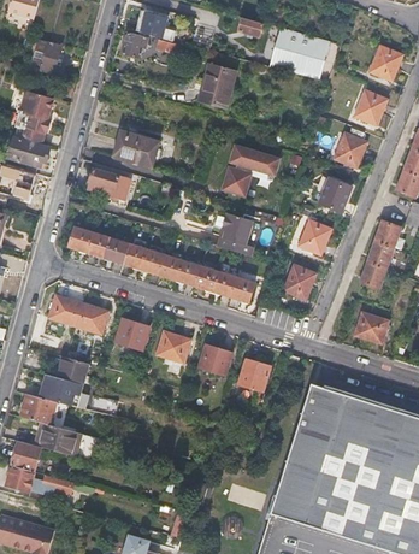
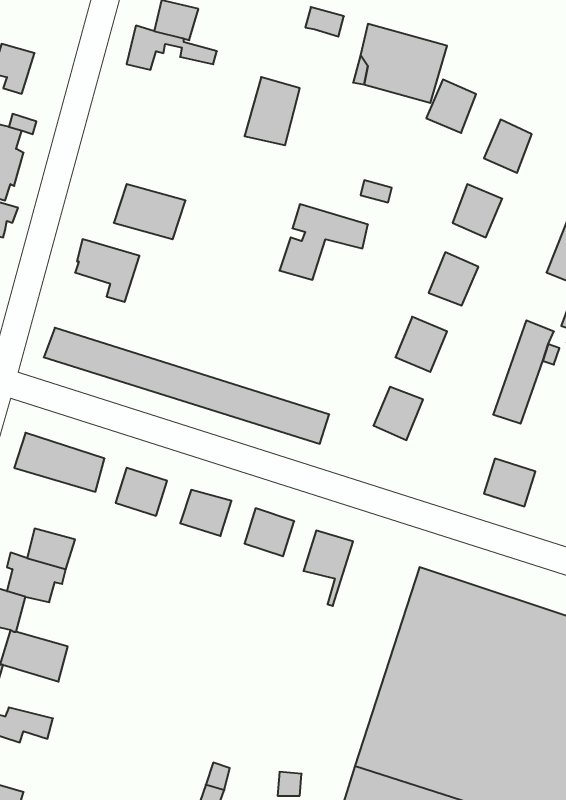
building: [368,45,401,79] -> [426,79,476,133]
building: [217,212,254,255] -> none

